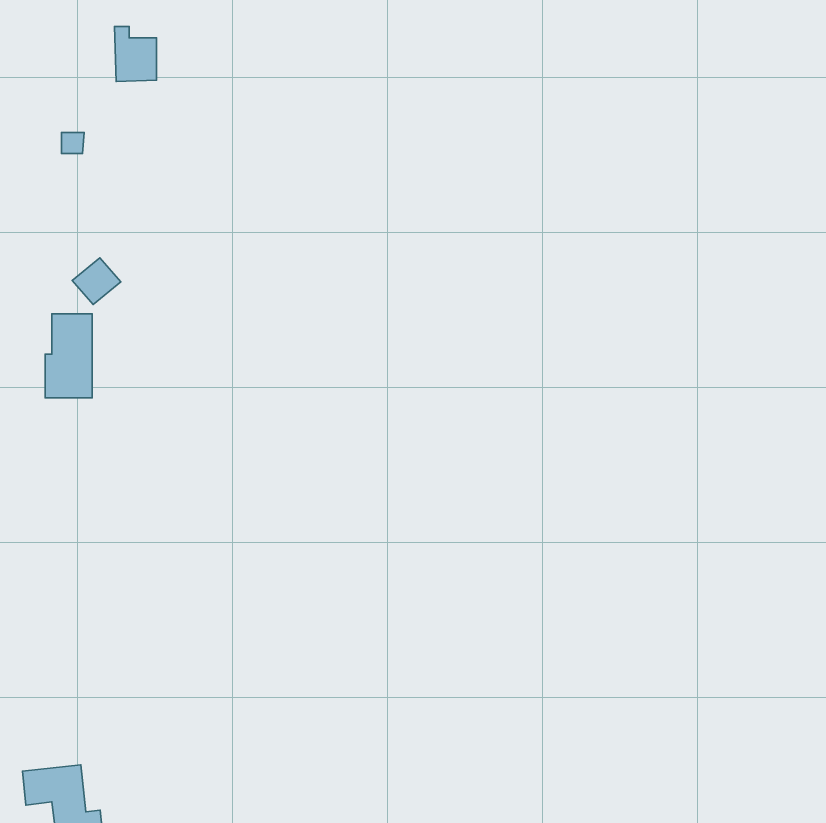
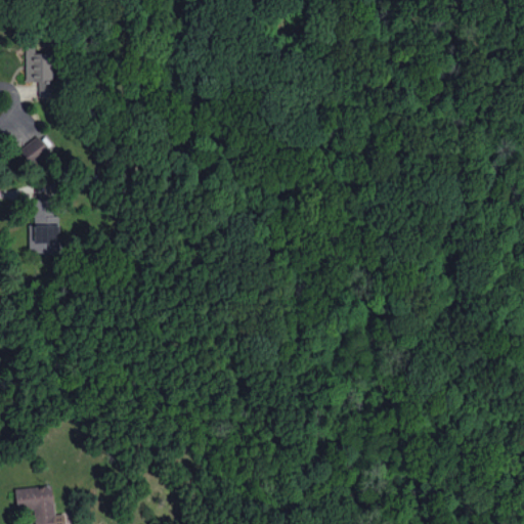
building: [115,27,157,82] -> [26,48,52,83]
building: [72,258,121,305] -> [19,137,50,167]

